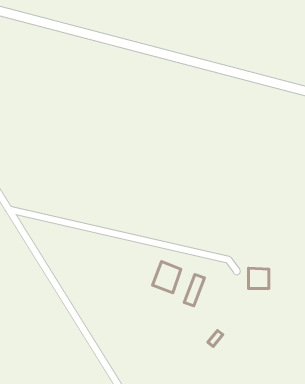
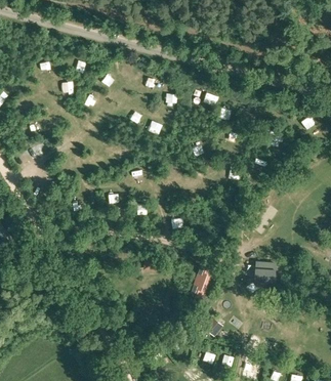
building: [152,262,181,293] -> none

